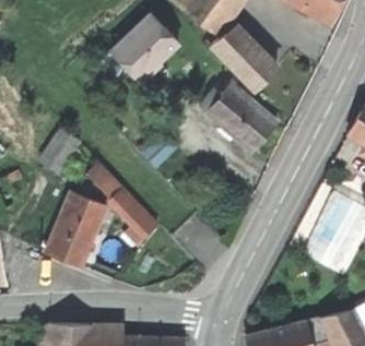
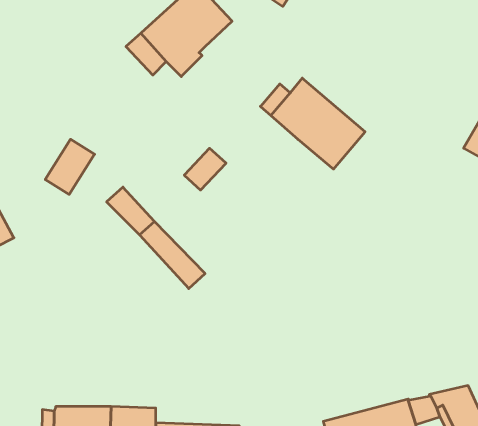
building: [211,33,278,91] -> none
building: [46,191,107,267] -> none

